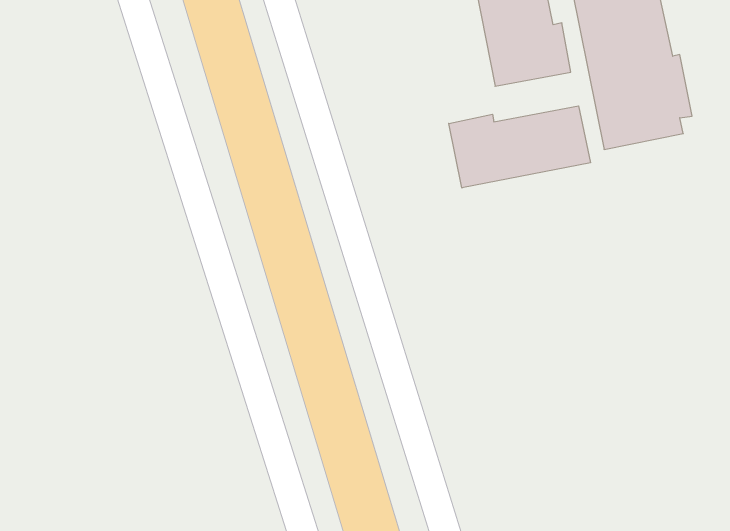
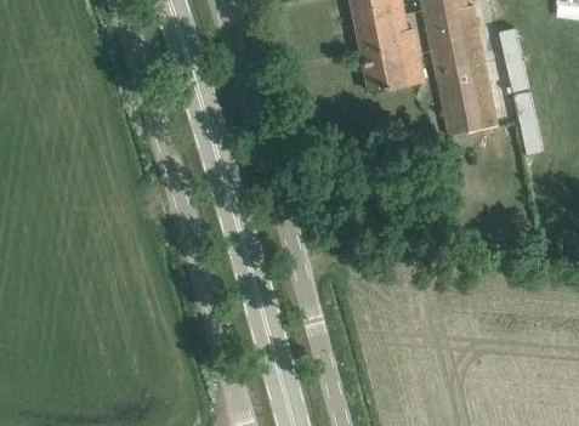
building: [449,106,590,188] -> none

